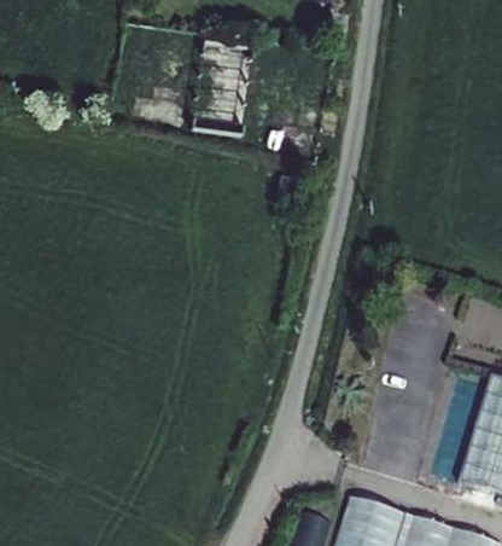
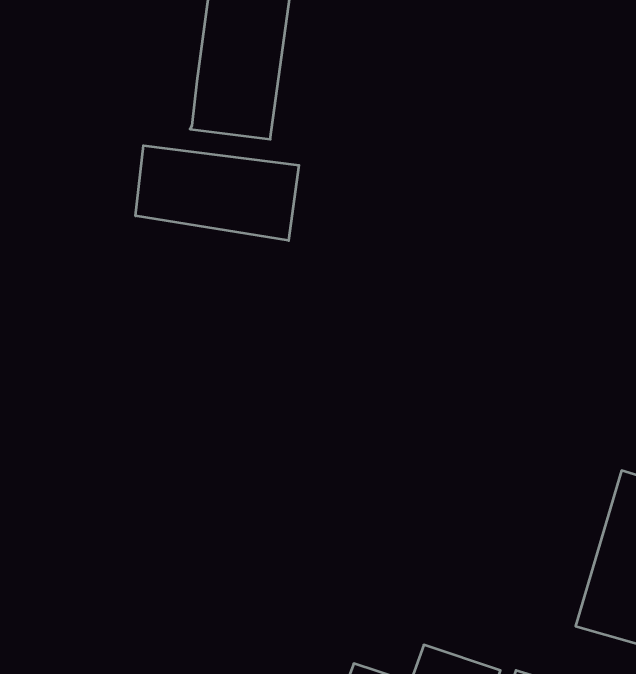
building: none -> [136,146,299,241]

